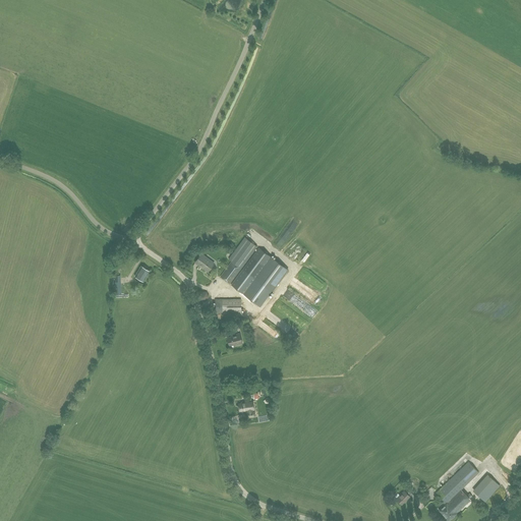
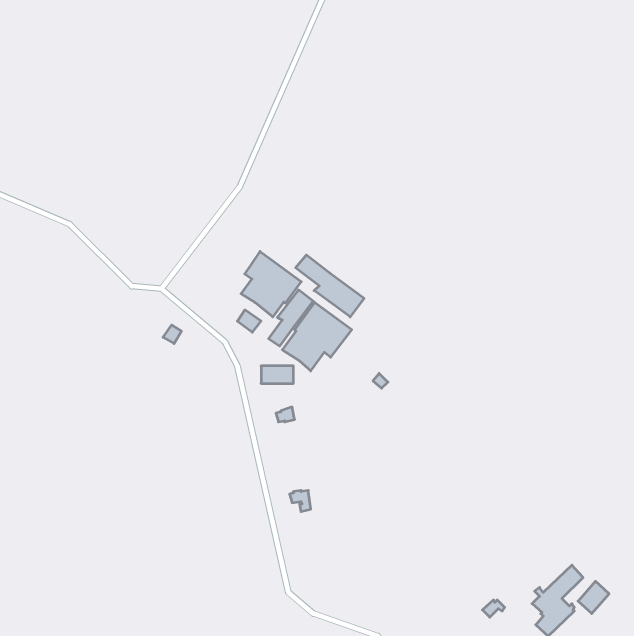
building: none -> [241,251,301,317]
building: none -> [296,255,364,317]

